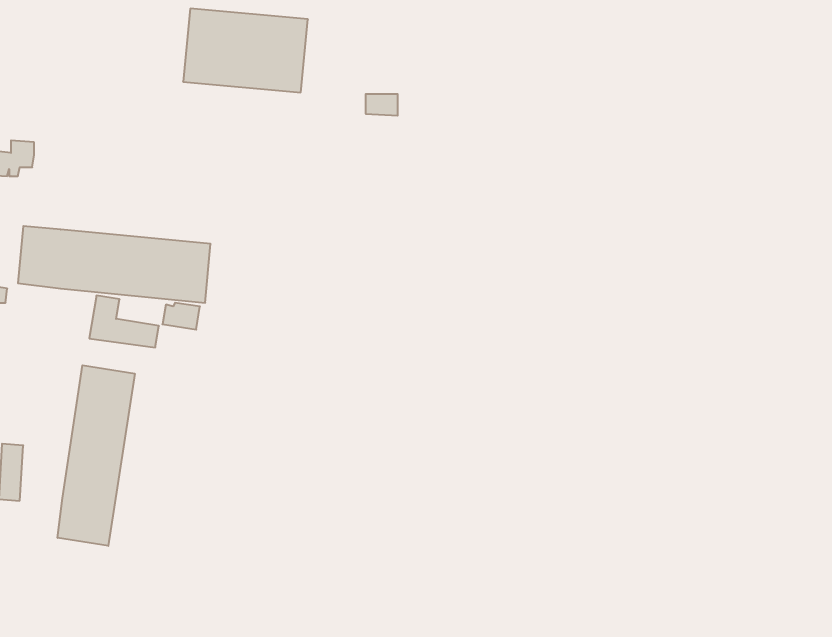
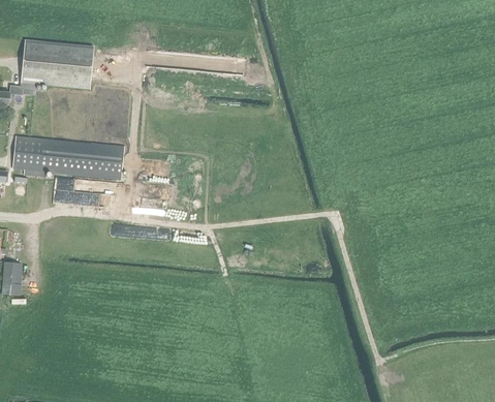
building: [183,9,308,92] -> [20,40,92,89]
building: [58,365,135,546] -> none

